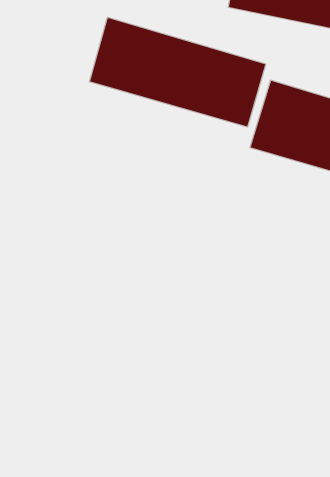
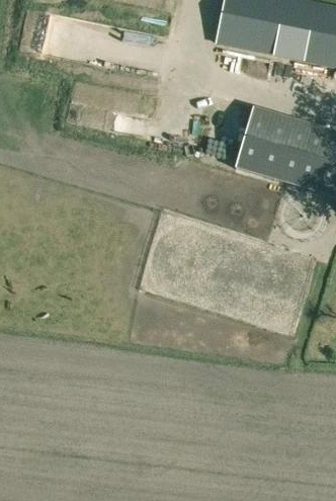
building: [90,17,266,127] -> none

